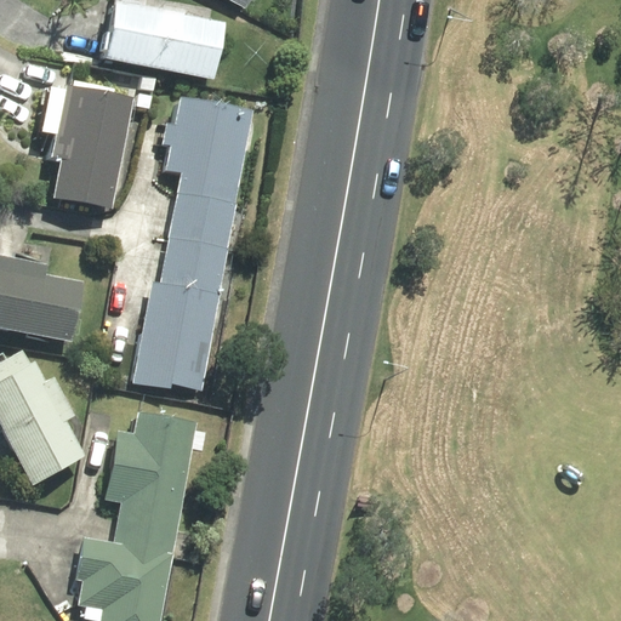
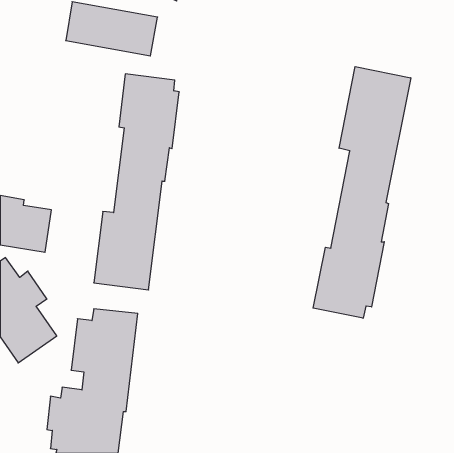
building: [45,85,126,206] -> none
building: none -> [313,67,411,318]

